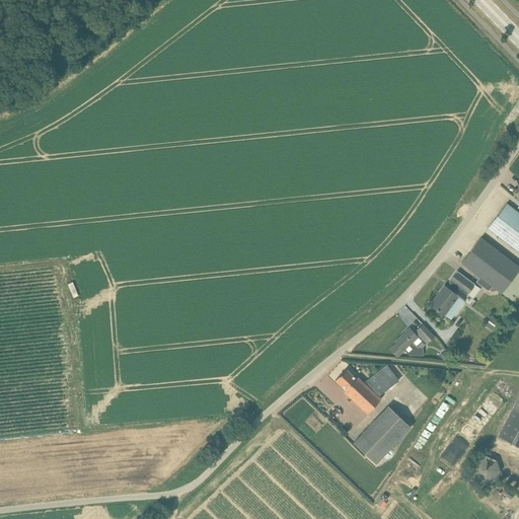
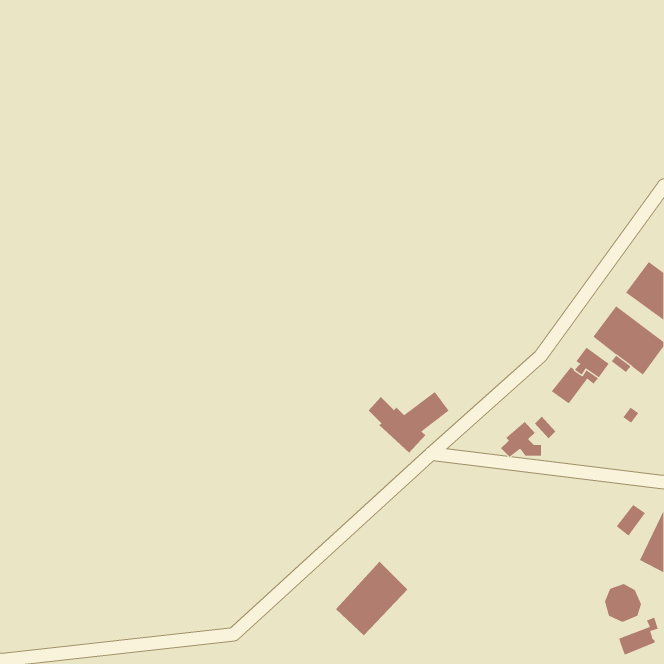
building: [336,365,399,414] -> [368,391,450,453]
building: [354,405,411,464] -> [335,561,408,636]
building: none -> [619,617,659,656]

